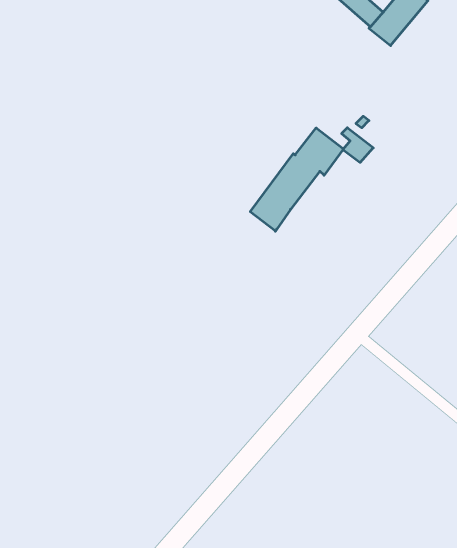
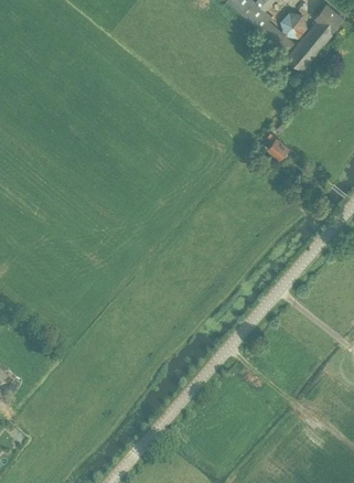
building: [250,128,343,231] -> none

